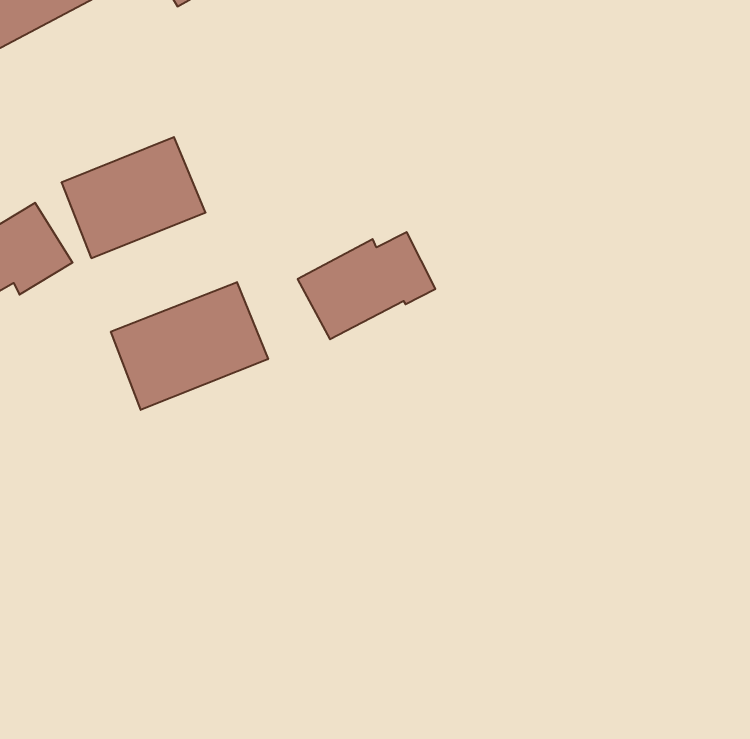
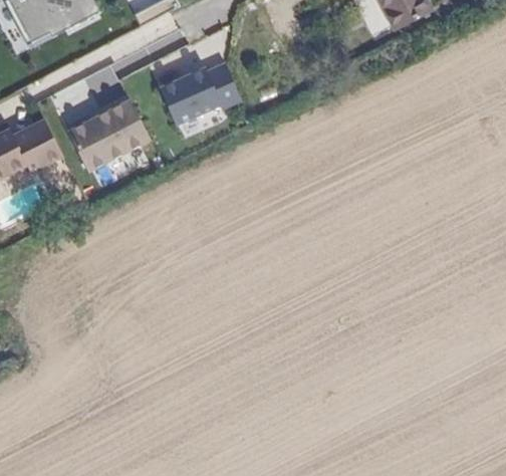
building: [298,232,435,339] -> [157,59,237,120]
building: [111,282,268,410] -> none

